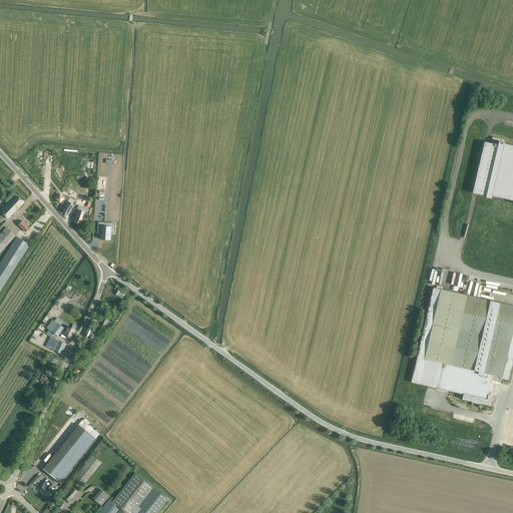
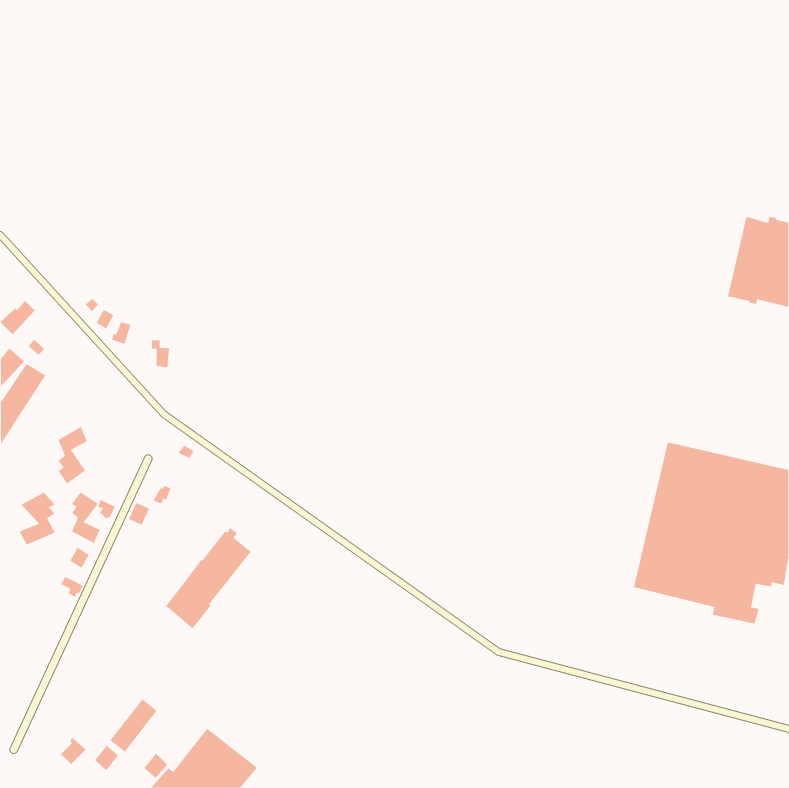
building: none -> [58,426,88,485]
building: none -> [19,492,56,545]
building: [43,417,99,483] -> [165,527,252,629]

